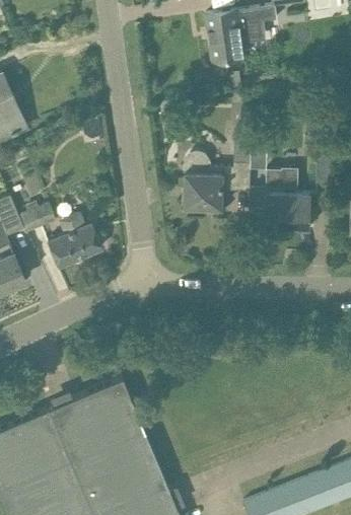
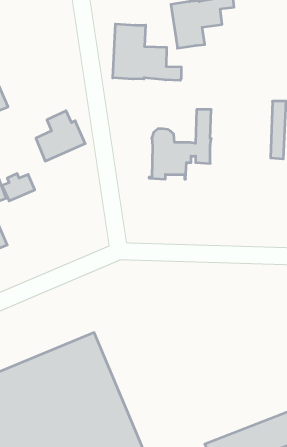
building: none -> [113,24,181,80]
building: [266,166,310,229] -> none
building: [47,213,101,269] -> [36,111,85,161]

